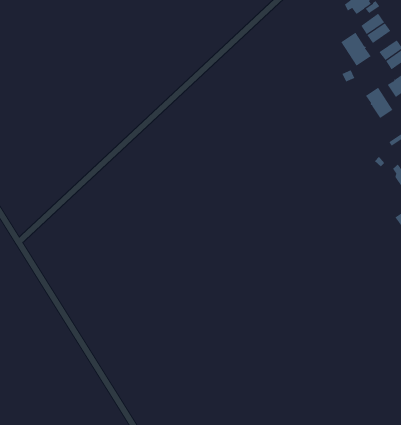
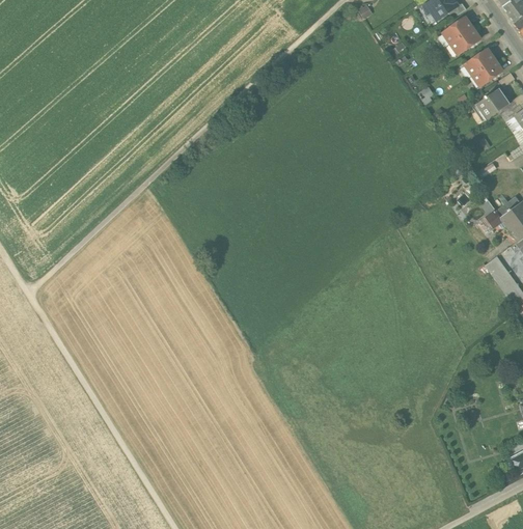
building: [341,32,372,67] -> none
building: [365,87,393,119] -> none

